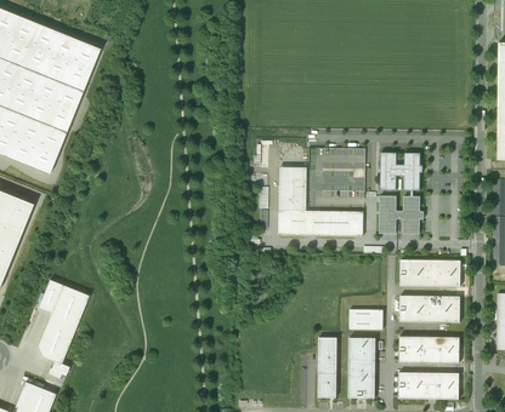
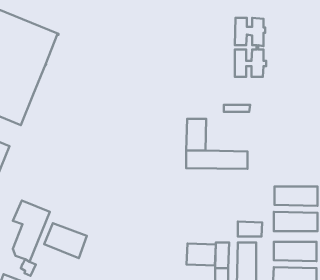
building: [380,153,424,234] -> [235,18,266,77]
building: none -> [44,223,87,258]
building: none -> [186,243,216,265]

